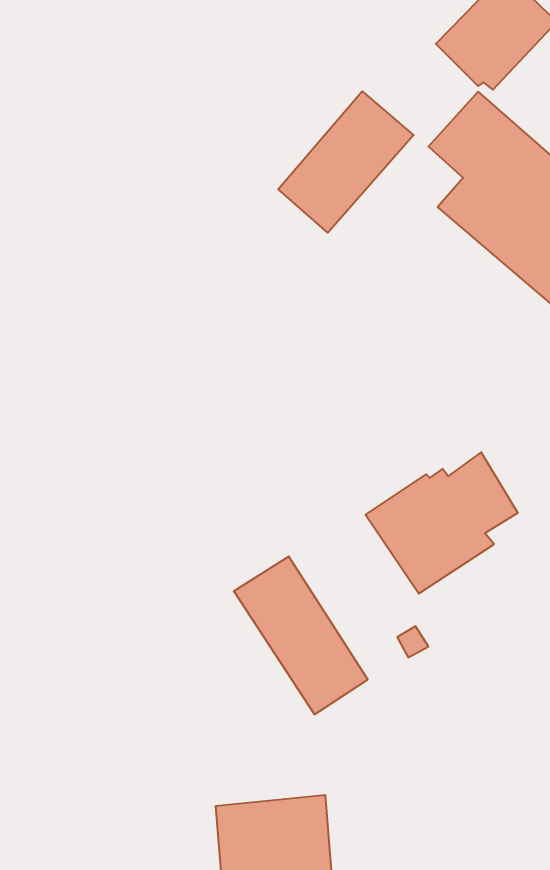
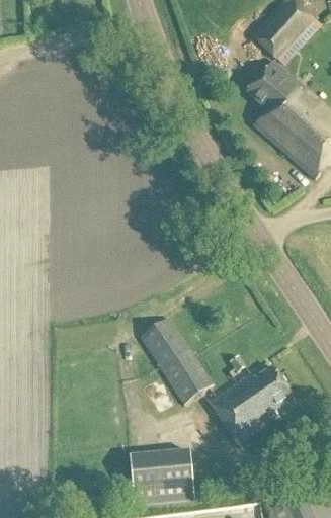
building: [278,91,414,233] -> none
building: [366,452,518,594] -> [208,364,292,442]

